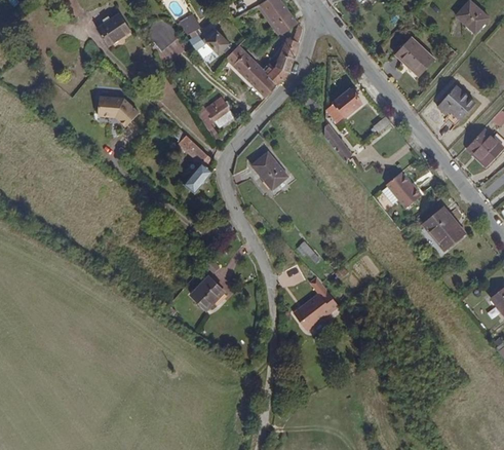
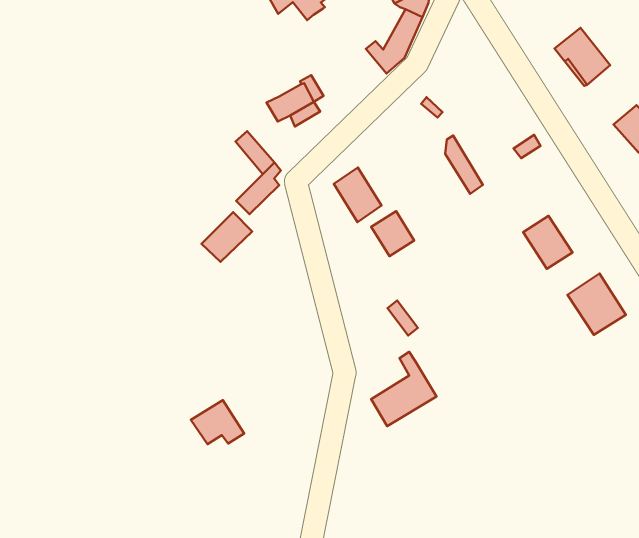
building: [226,45,278,98] -> none
building: [325,89,360,123] -> none
building: [98,96,139,125] -> none
building: none -> [371,211,414,256]
building: none -> [201,212,252,262]
building: [188,273,226,305] -> [191,400,244,444]

